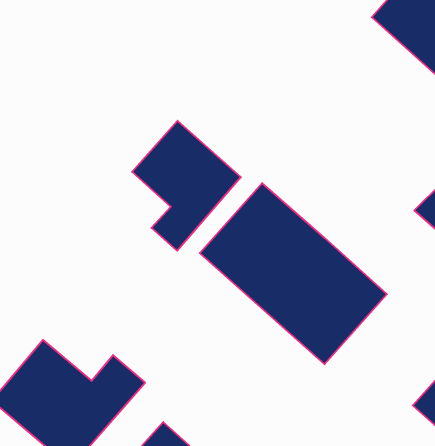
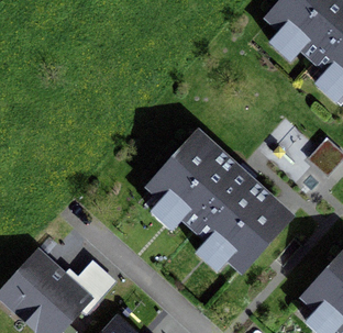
building: [132,121,241,251] -> none

